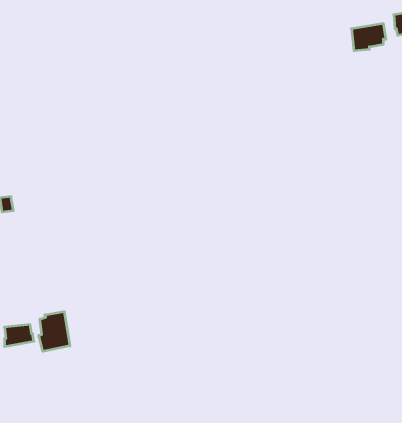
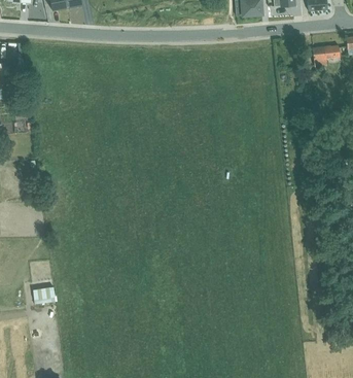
building: [39,312,70,351] -> none

